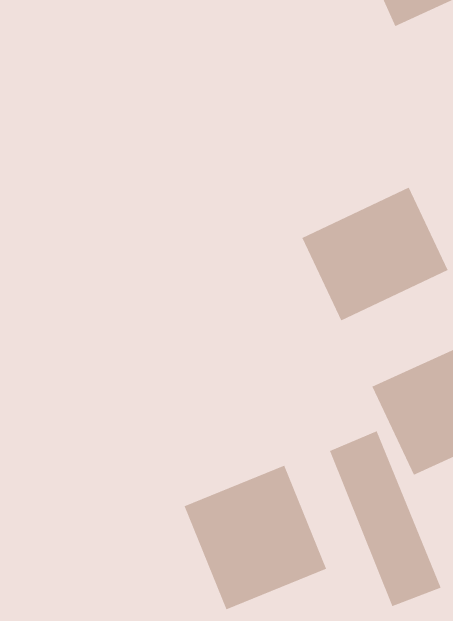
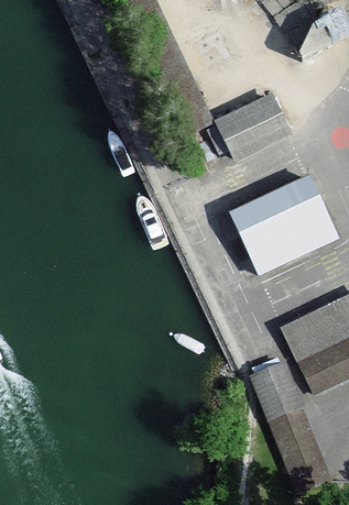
building: none -> [215,91,291,160]
building: [184,465,327,610] -> none

